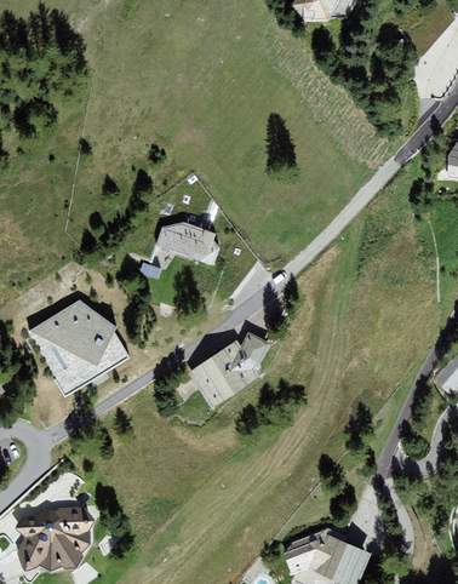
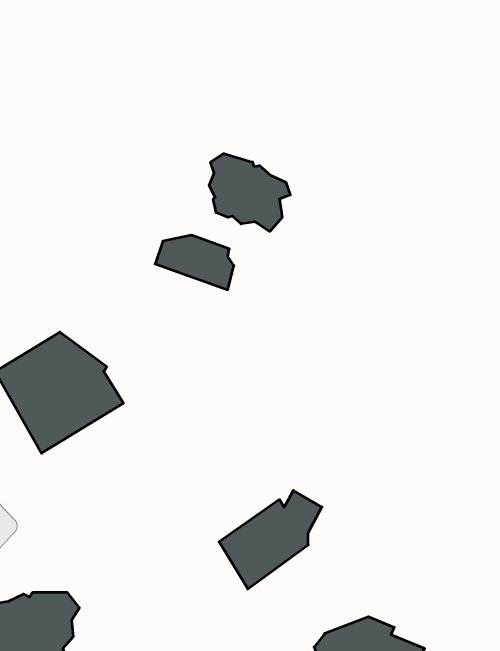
building: none -> [209,154,290,231]
building: [188,331,270,410] -> [219,490,322,589]

